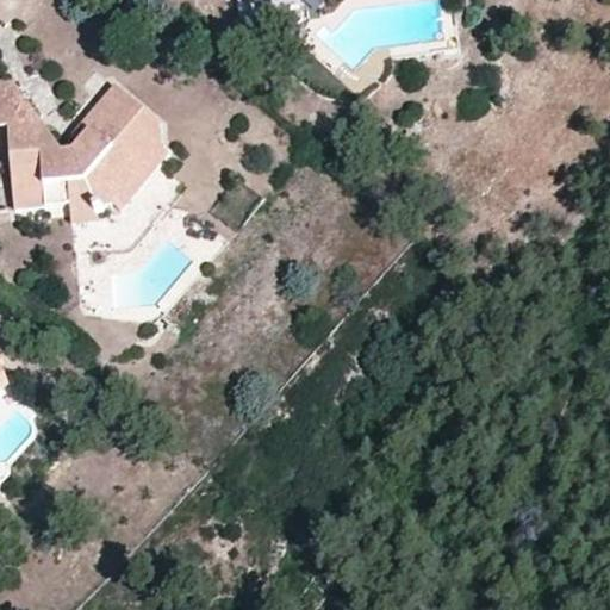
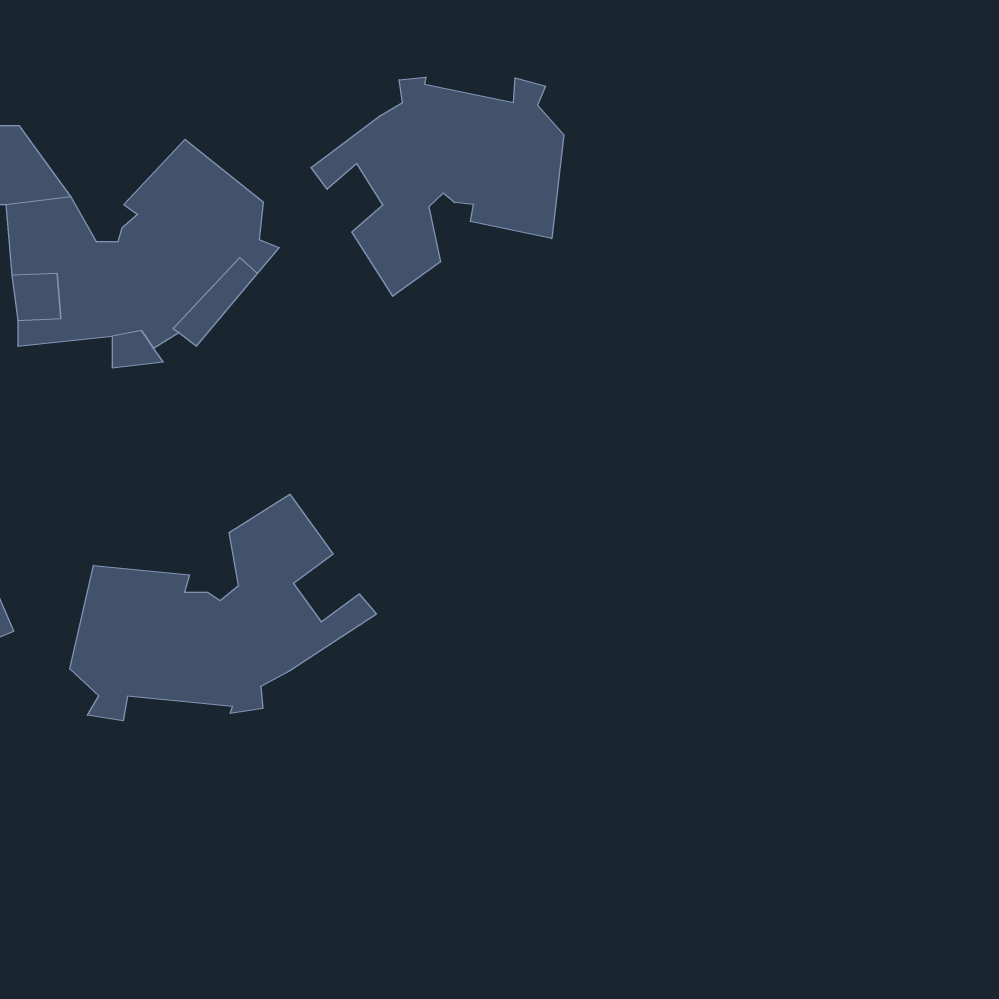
building: none -> [311,77,564,296]
building: none -> [70,494,377,721]

